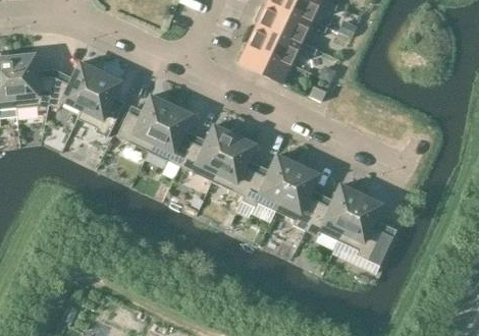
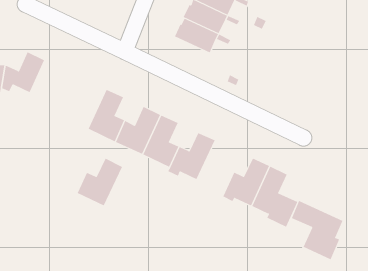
building: [241,43,291,81] -> none
building: [83,70,122,135] -> none
building: [118,94,171,150] -> [77,158,123,206]
building: [276,163,319,228] -> none
building: none -> [291,200,343,260]

